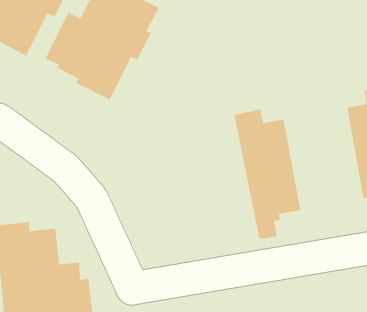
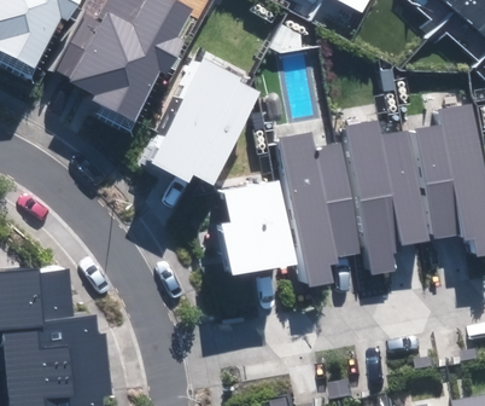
building: none -> [151,60,259,185]
building: none -> [343,118,423,276]
building: none -> [223,180,296,276]

